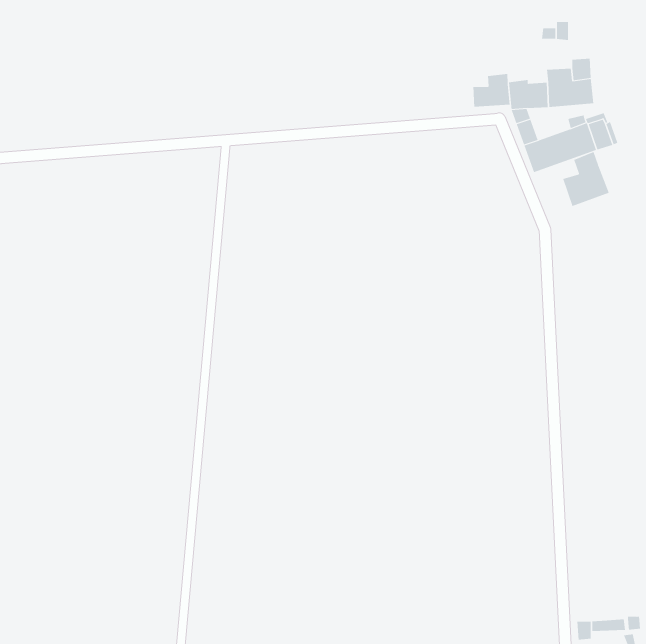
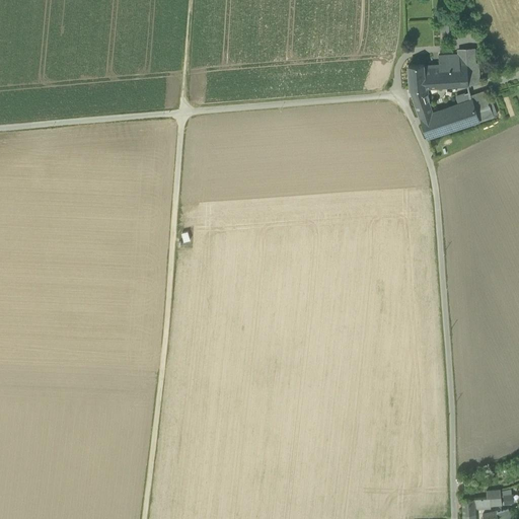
building: [473,73,510,108] -> none
building: [562,151,610,207] -> none

